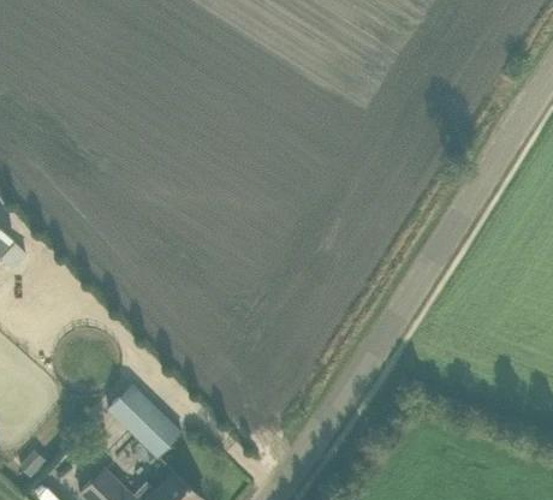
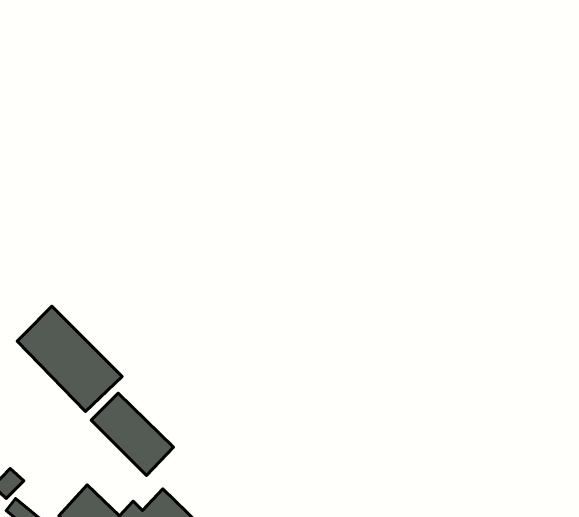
building: none -> [17,306,122,411]

